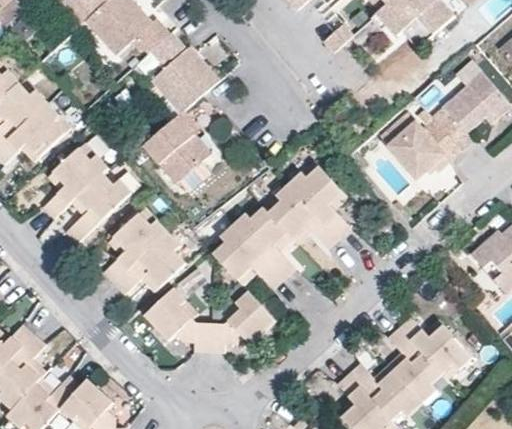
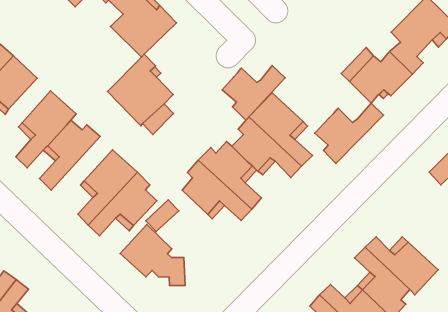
building: none -> [222,66,285,120]
building: none -> [315,103,384,164]
building: [209,290,277,353] -> none

